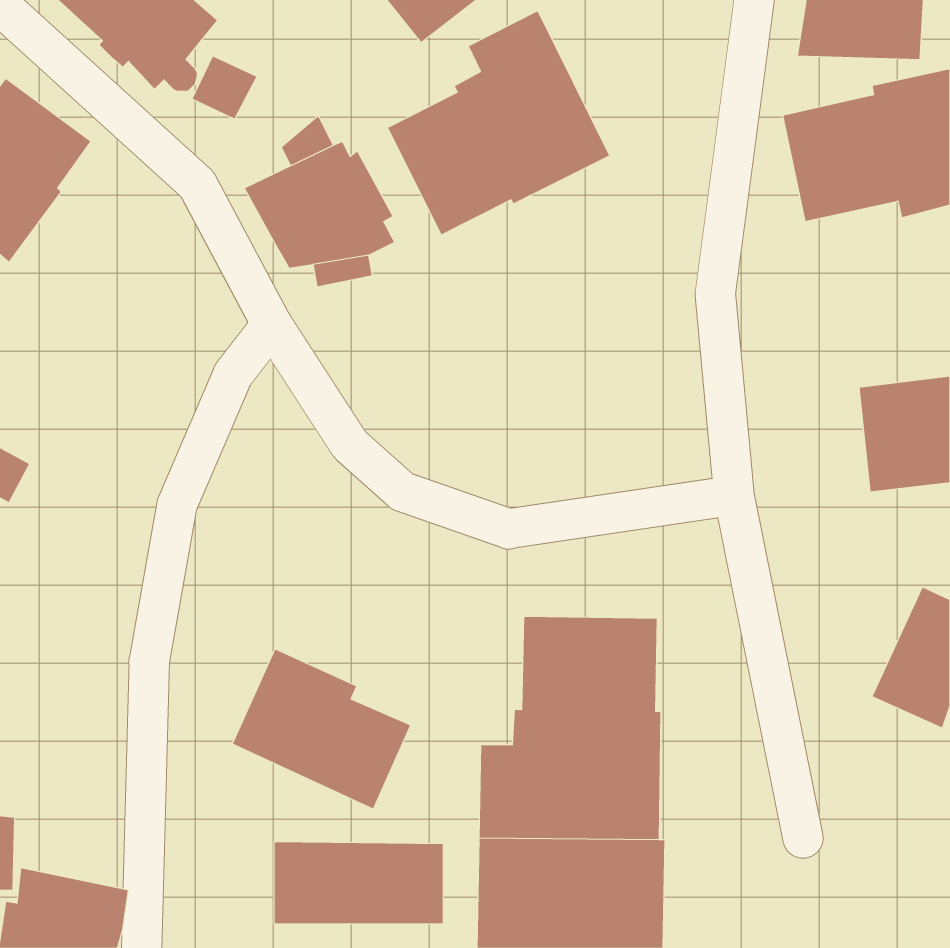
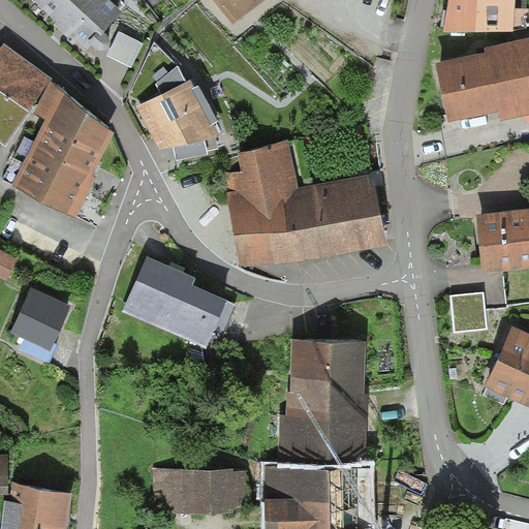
building: [387,10,610,235] -> none
building: none -> [12,82,114,218]
building: none -> [222,139,386,267]
building: none -> [10,288,69,350]
building: none -> [450,291,487,330]
building: [232,649,411,809] -> [126,255,225,344]

